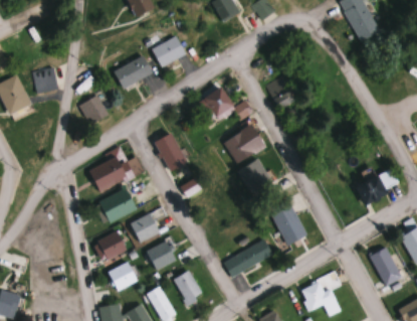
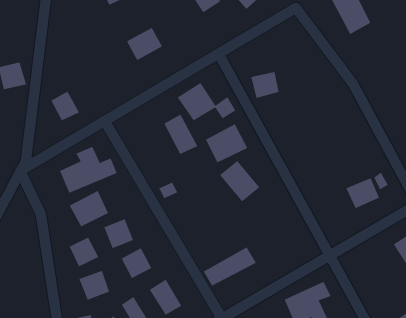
building: [114,55,152,88] -> none
building: [155,132,187,170] -> [164,114,198,155]
building: [268,197,307,245] -> none
building: [368,247,404,288] -> none

